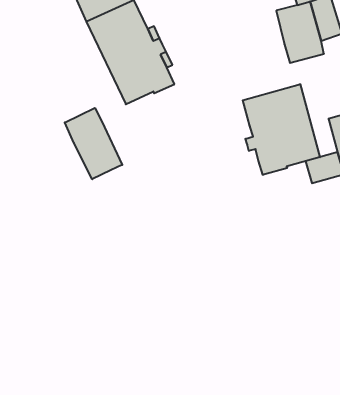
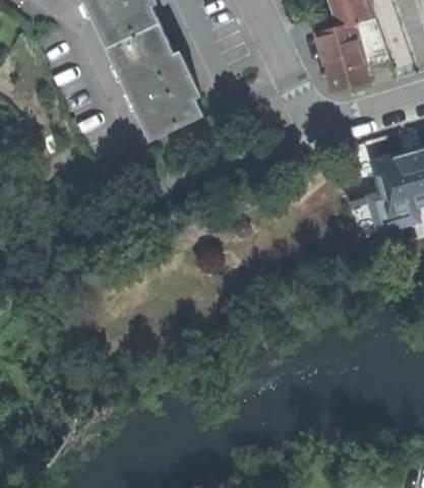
building: [243,84,320,175] -> none
building: [65,108,122,179] -> none

